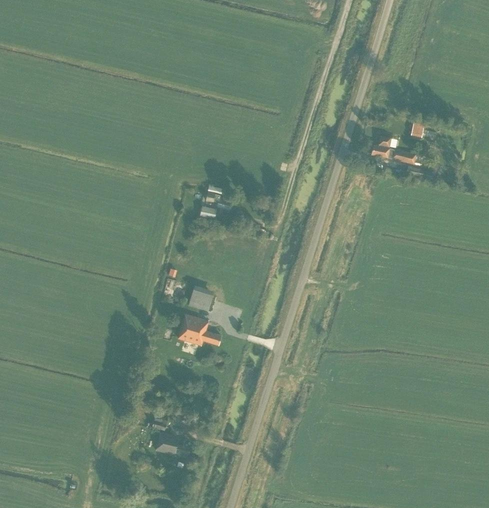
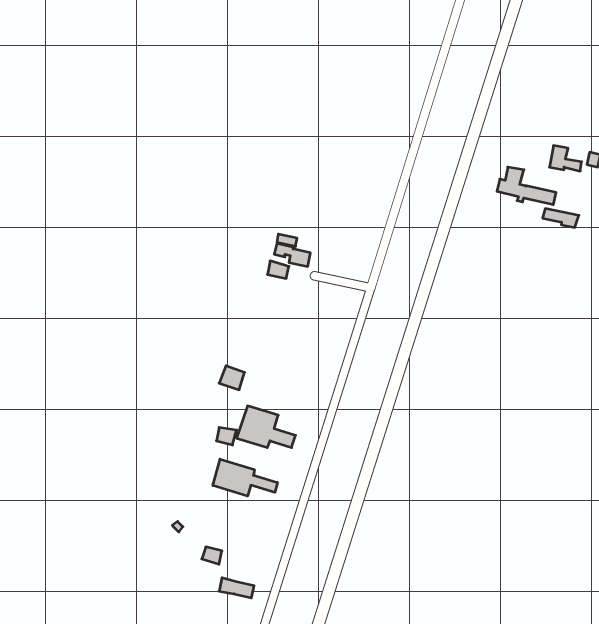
building: [188,288,213,311] -> none
building: none -> [213,459,277,496]

